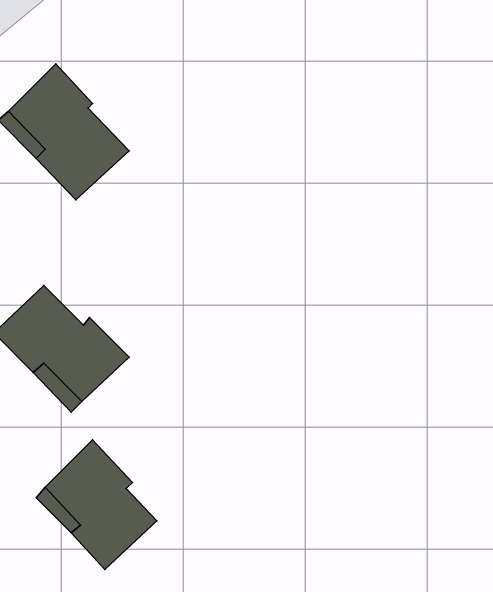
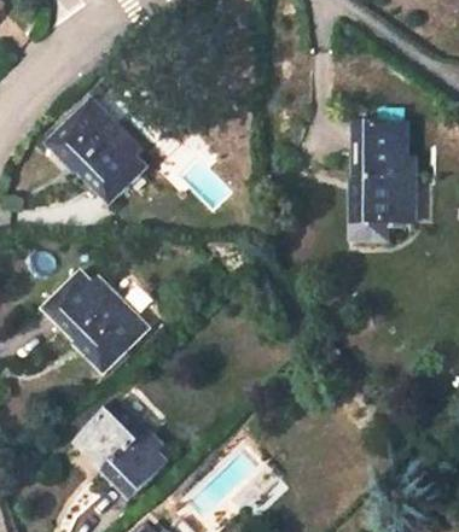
building: none -> [351,122,414,239]

